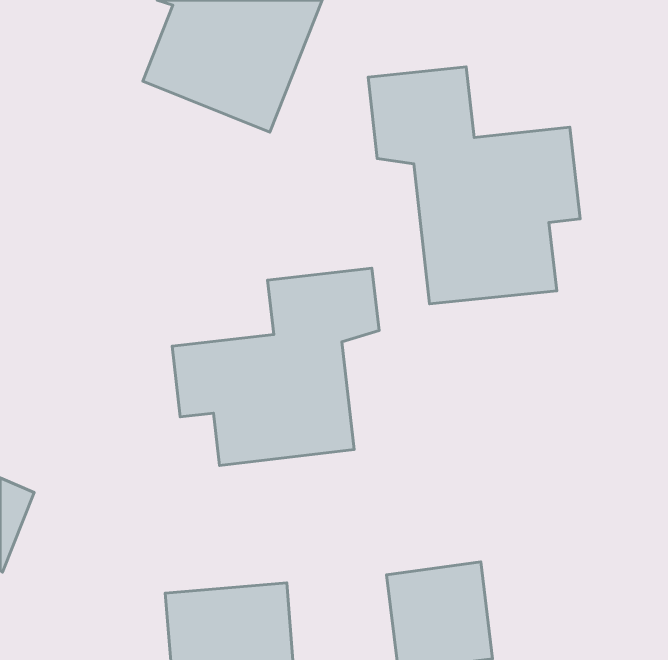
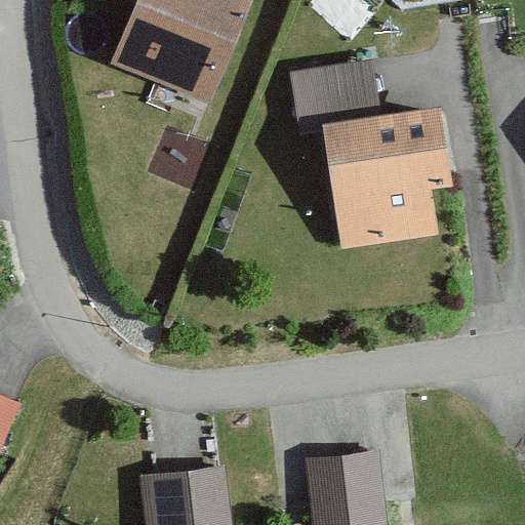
building: [172,268,379,466] -> none

